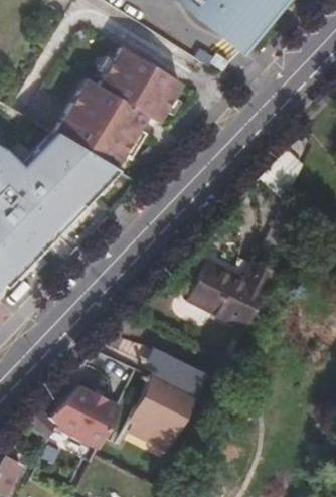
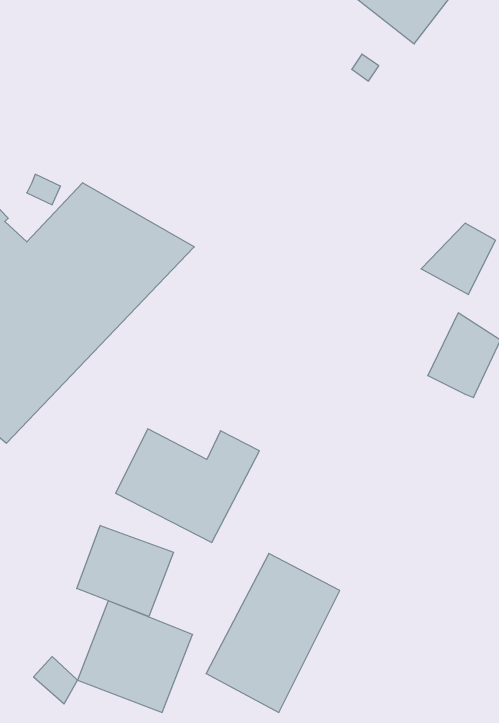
building: [57,48,181,168] -> none
building: [185,266,271,333] -> [116,429,259,542]
building: none -> [77,525,173,617]

